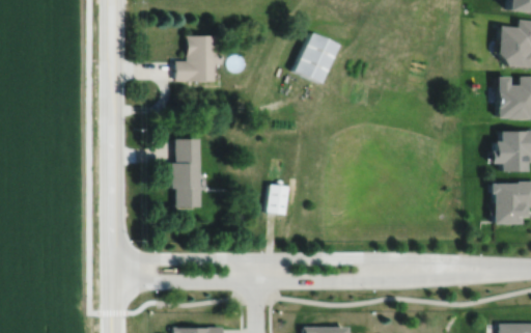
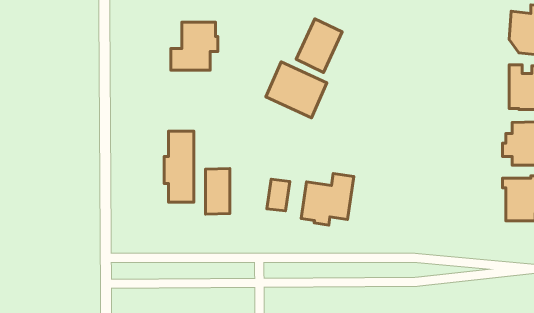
building: none -> [266,62,327,118]
building: none -> [205,169,230,214]
building: none -> [301,174,354,225]

